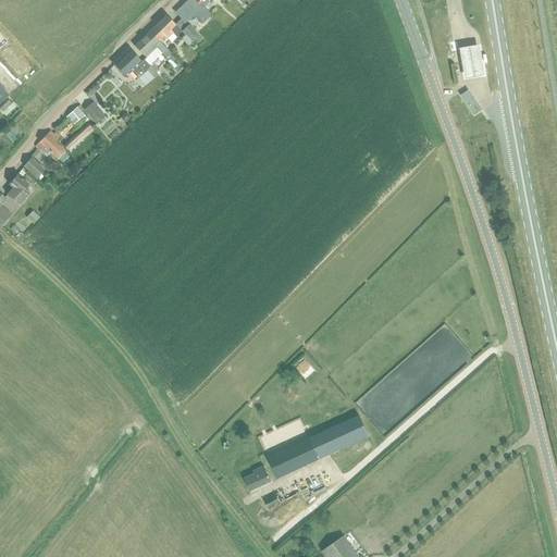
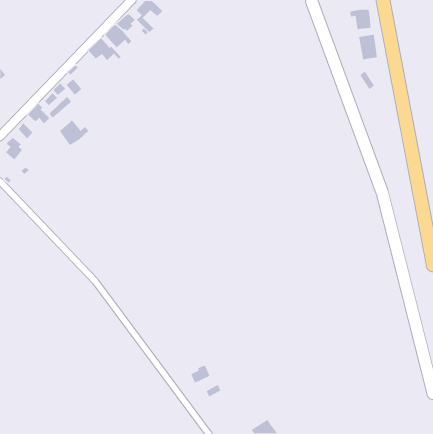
building: none -> [349,9,371,30]
building: none -> [59,119,89,146]
building: [268,416,368,479] -> none

